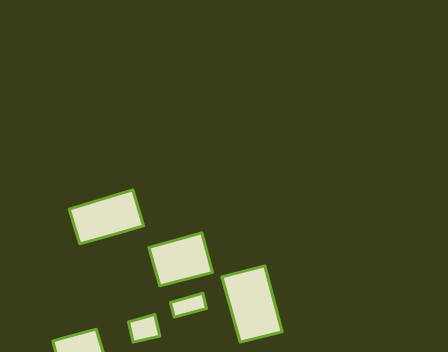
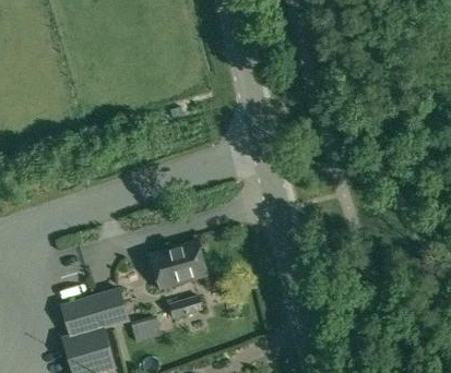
building: [69,190,144,244] -> [59,288,127,337]
building: [222,266,282,342] -> none

